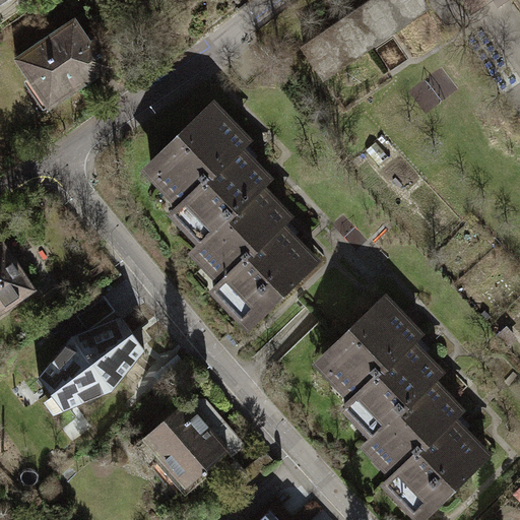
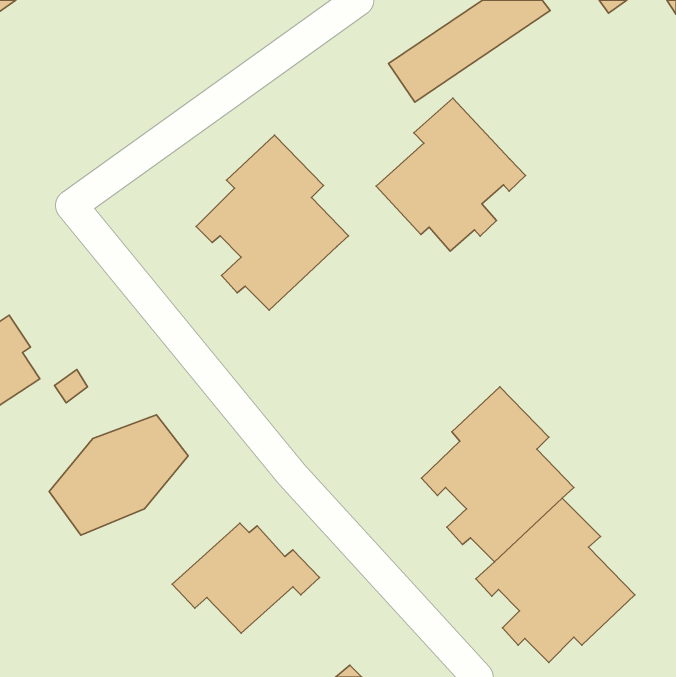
building: [11,21,116,119] -> none
building: none -> [376,98,526,251]
building: [192,189,314,315] -> none

